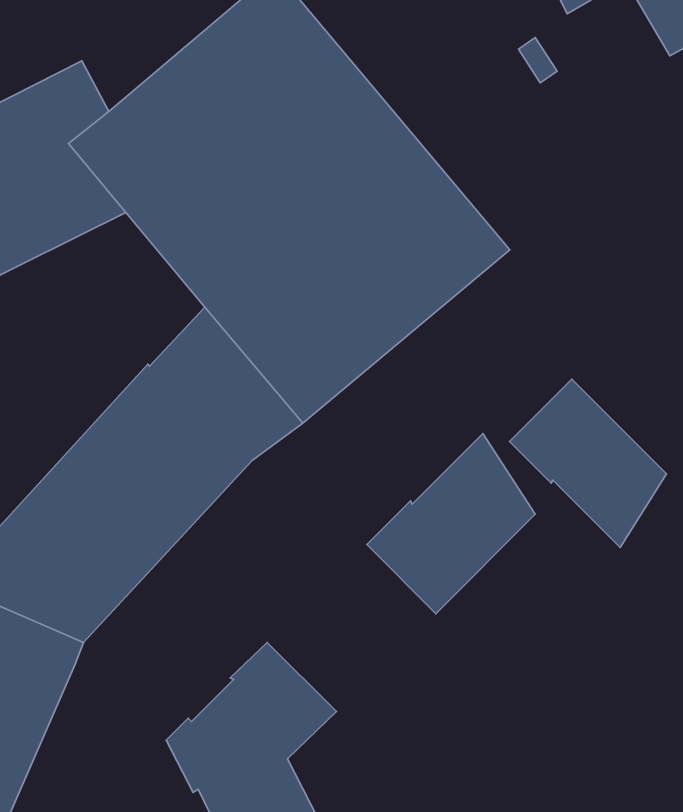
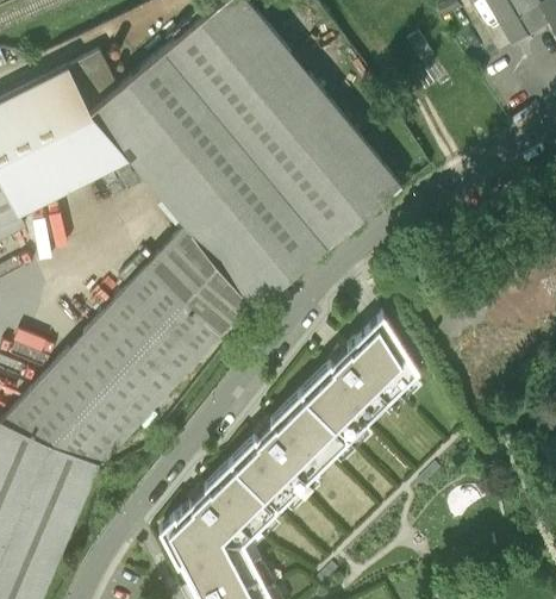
building: [510,379,666,547] -> none
building: none -> [229,395,348,513]

